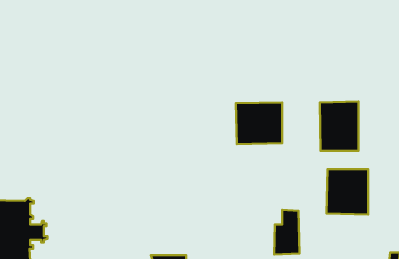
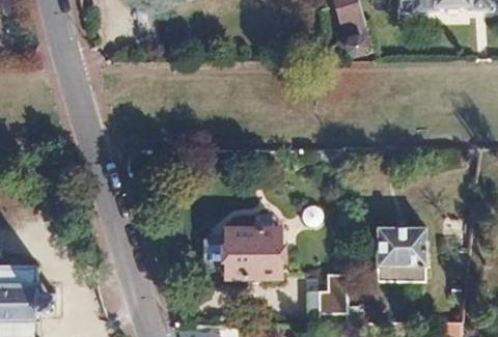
building: [320,102,358,151] -> none
building: [236,102,282,144] -> [225,229,278,277]

